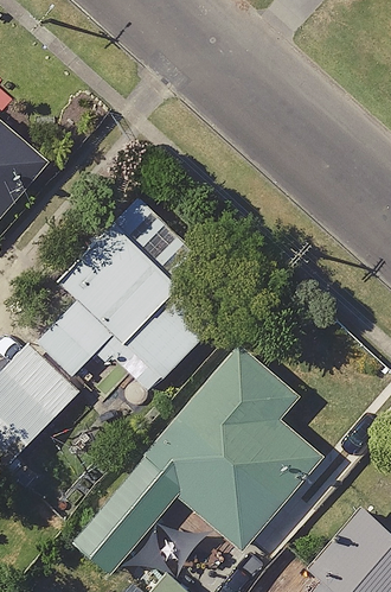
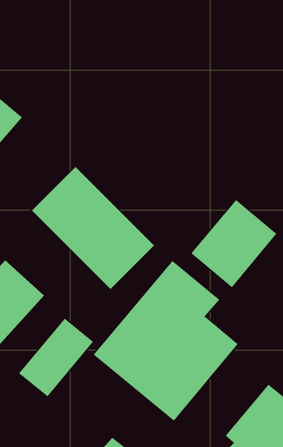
building: none -> [191,199,277,288]
building: [73,472,171,574] -> [18,318,94,397]

